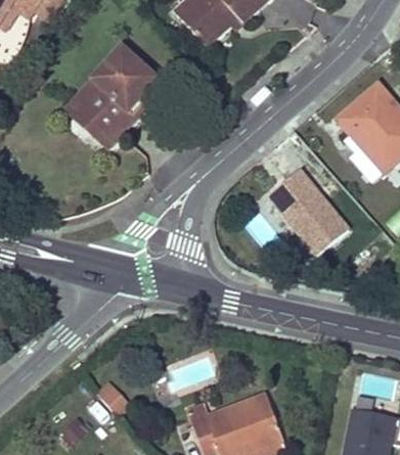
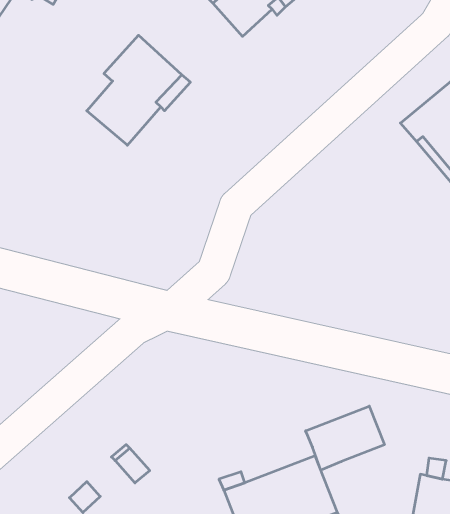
building: [63,78,110,144] -> none
building: [270,168,348,251] -> none
building: none -> [306,406,384,470]

